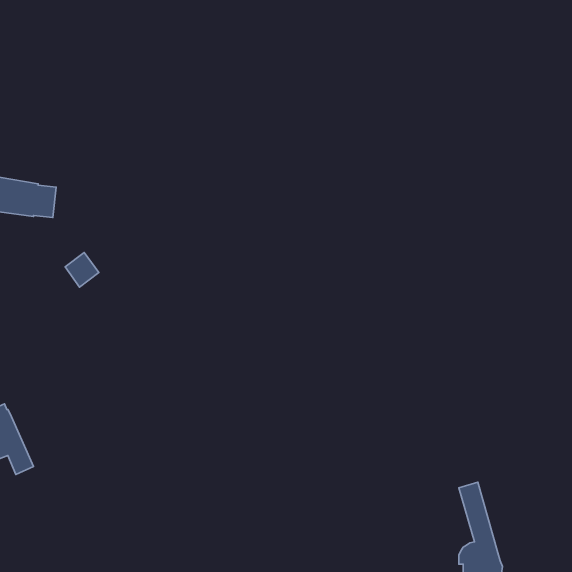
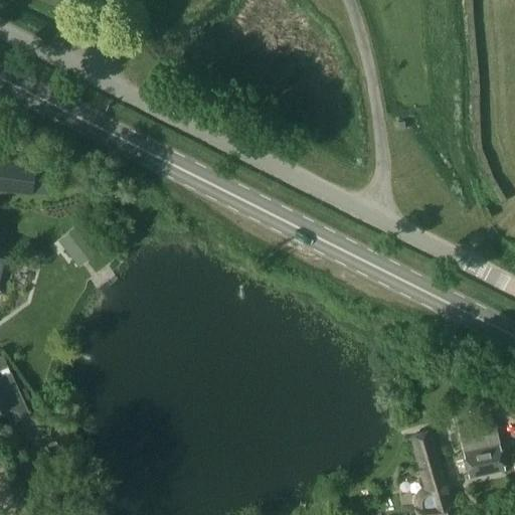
building: none -> [457,421,504,479]

